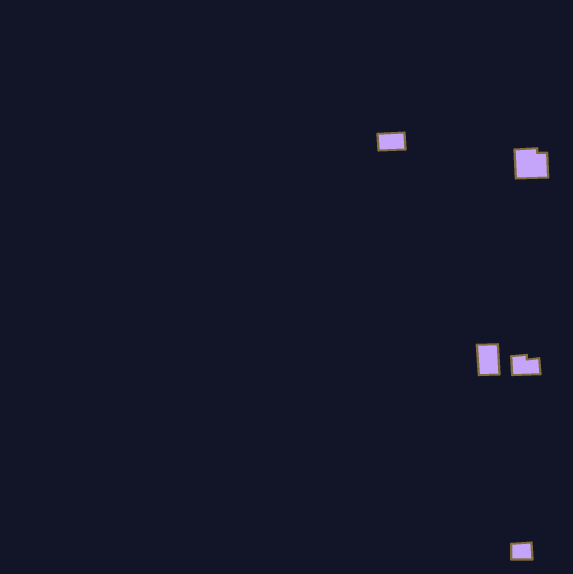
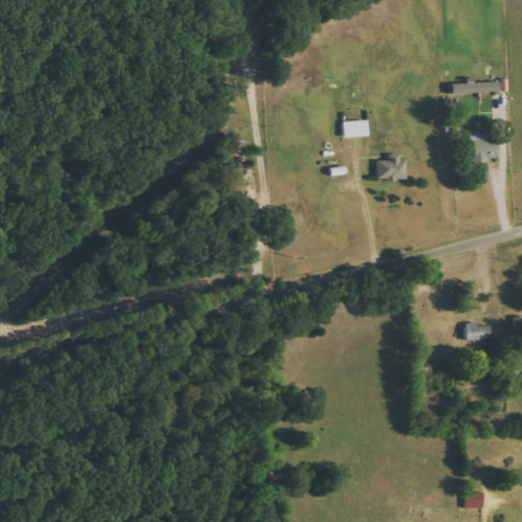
building: none -> [377,154,404,179]
building: [477,344,500,375] -> none

